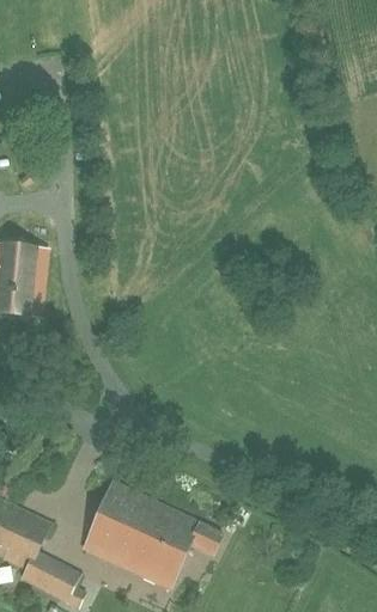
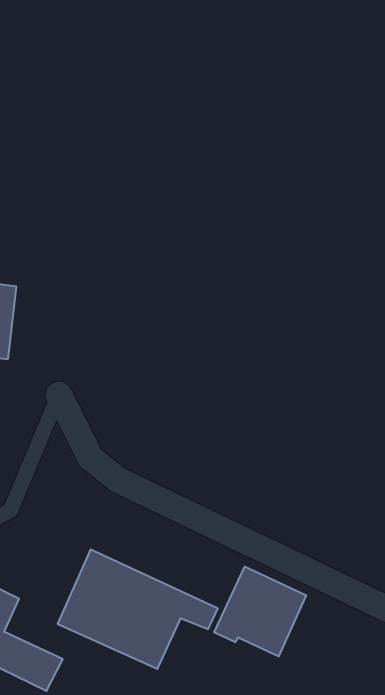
building: none -> [214,567,306,656]

